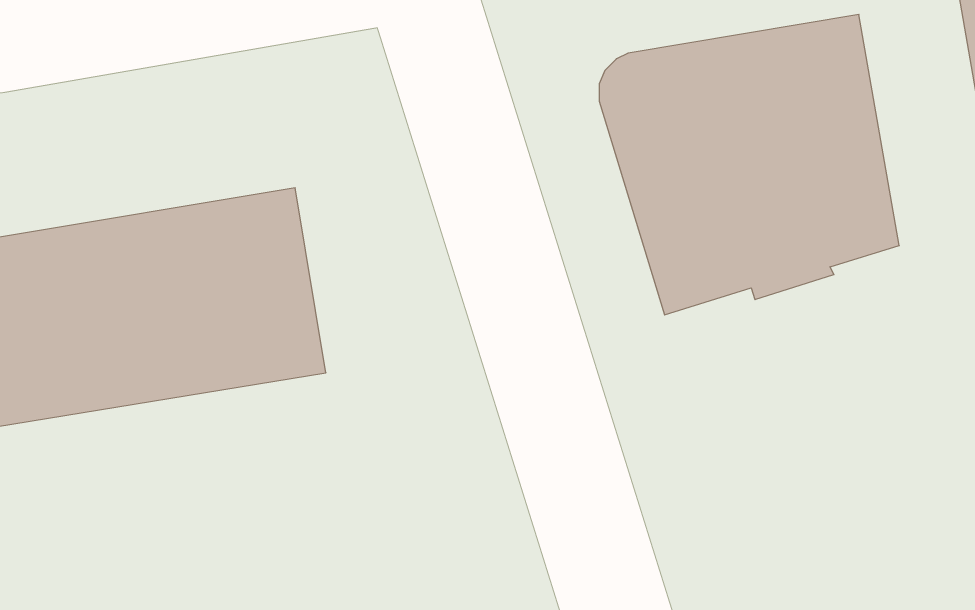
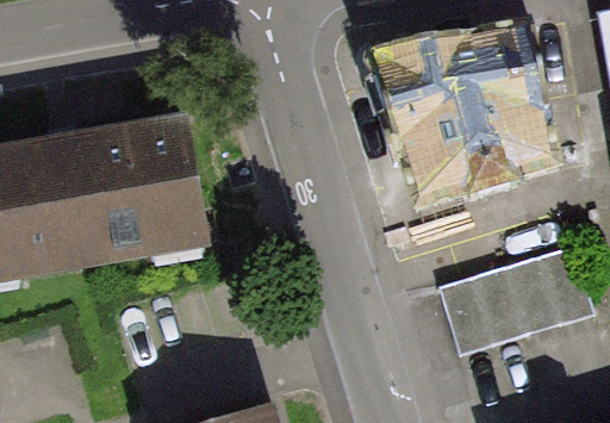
building: none -> [440,242,596,350]

